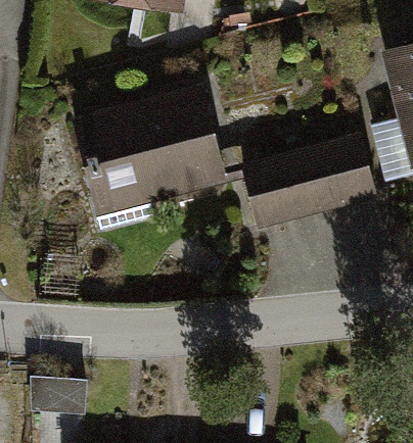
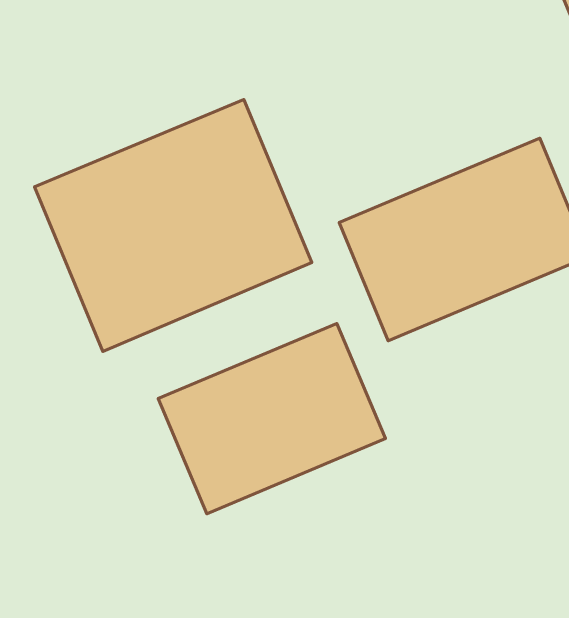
building: none -> [158,324,386,514]

